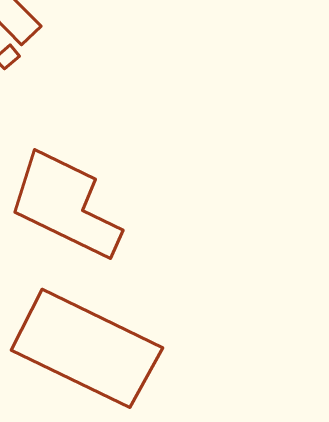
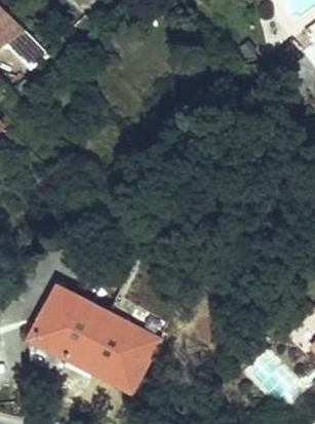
building: [15,150,123,258] -> none

